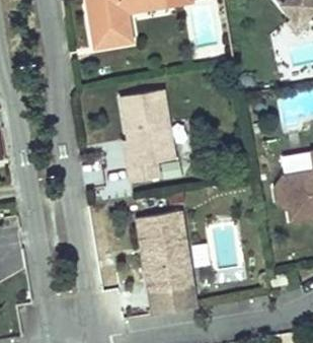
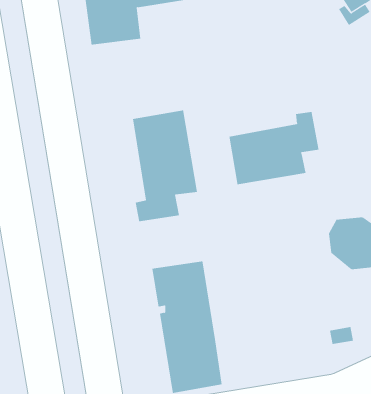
building: none -> [229,111,319,185]

